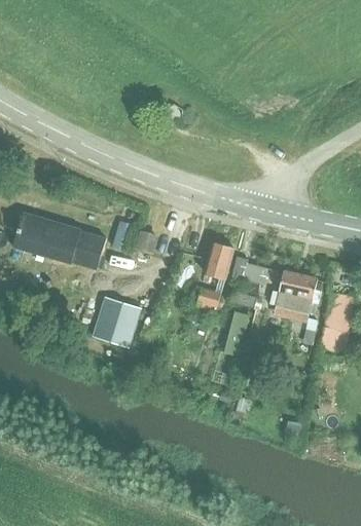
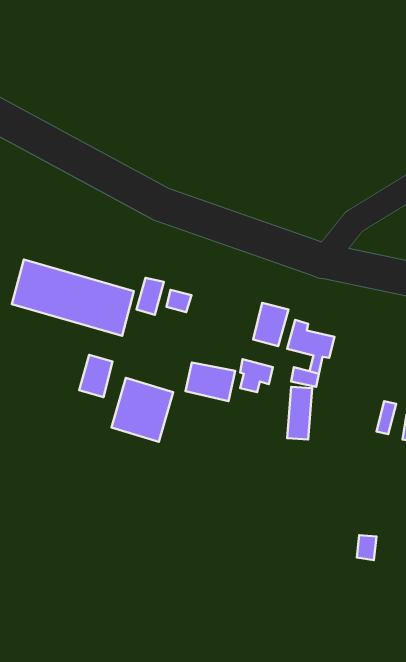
building: [276,273,315,315] -> none
building: none -> [79,355,113,397]
building: none -> [186,362,235,401]

